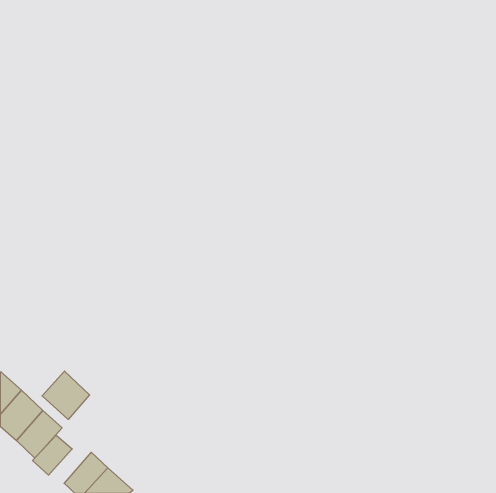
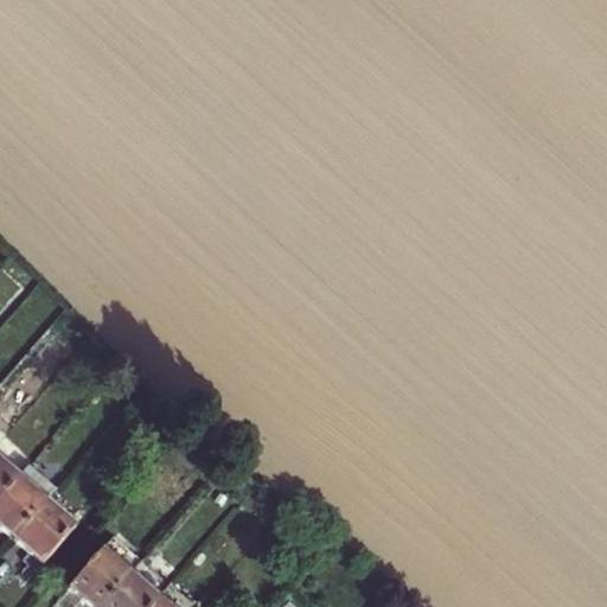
building: [42,371,90,419] -> none
building: [33,435,72,475] -> none

